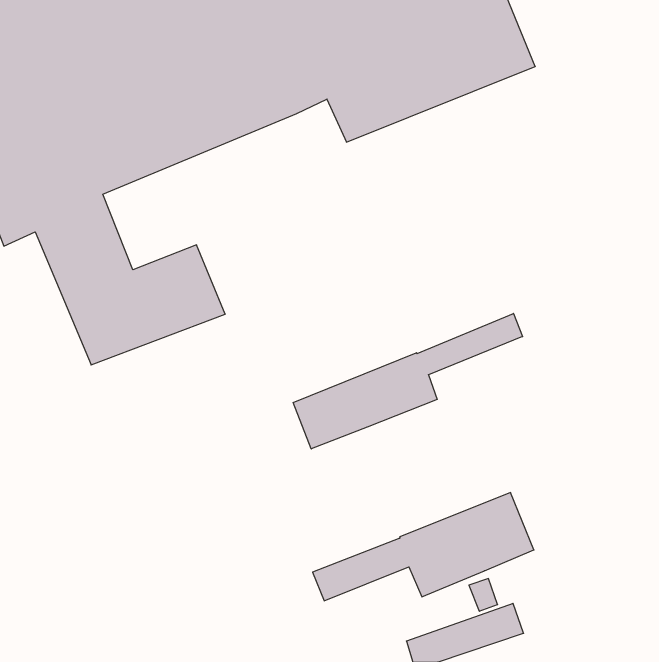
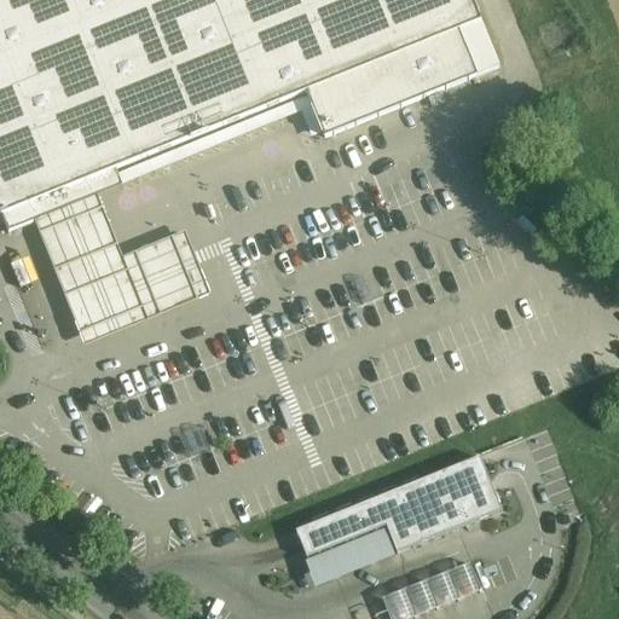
building: [293,313,523,449] -> none
building: none -> [301,526,392,585]

